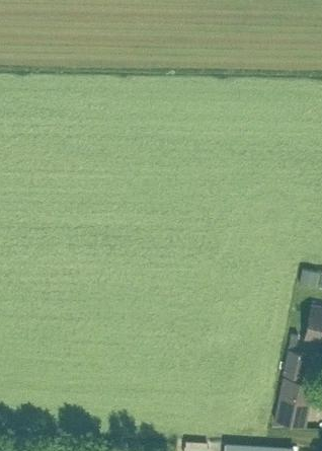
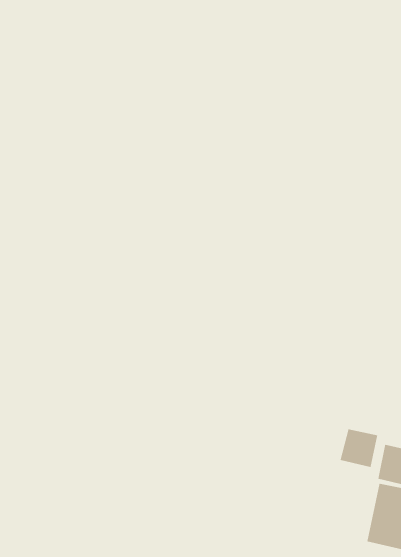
building: none -> [340,428,378,468]

